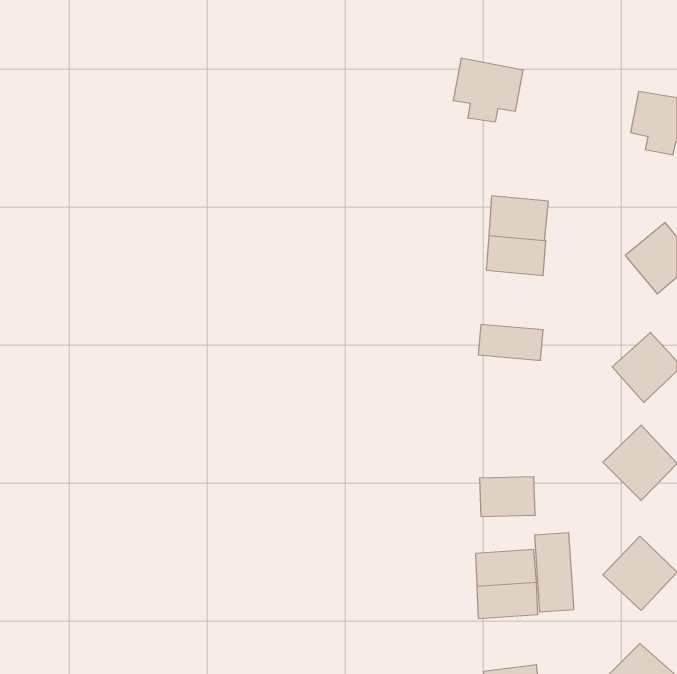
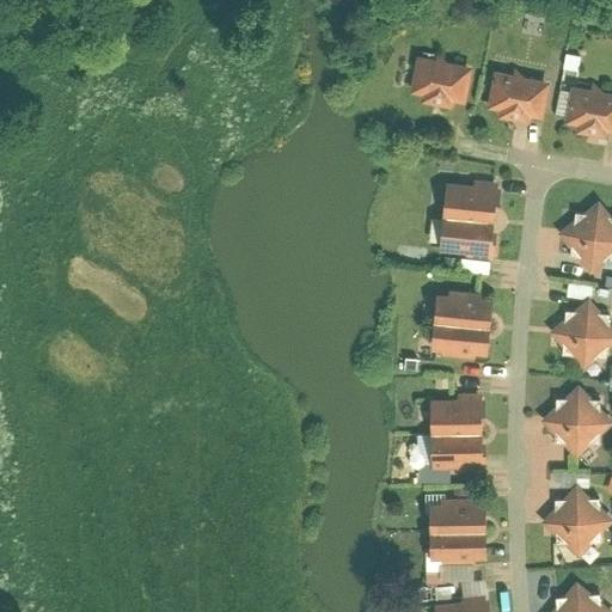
building: none -> [489,71,552,128]
building: none -> [429,323,485,356]
building: none -> [433,399,482,434]
building: [535,533,574,612] -> none

